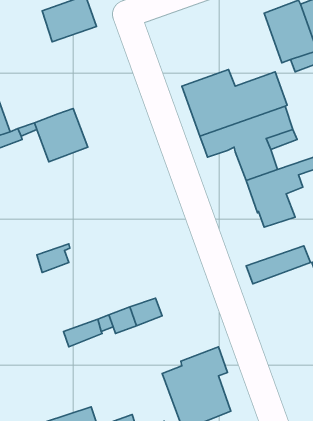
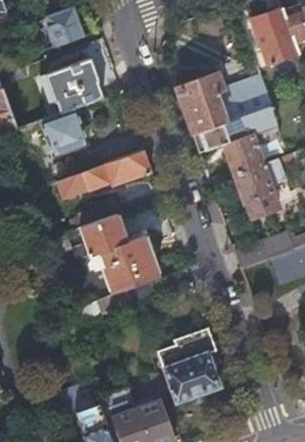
building: none -> [41,60,104,113]
building: none -> [55,149,152,194]
building: none -> [81,215,158,293]

